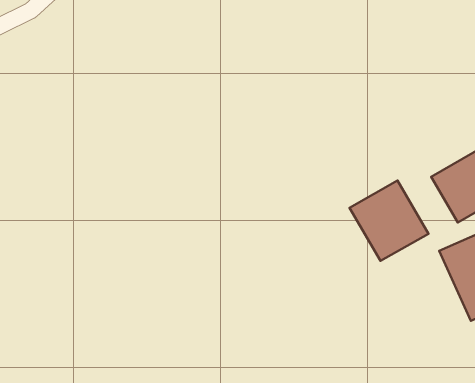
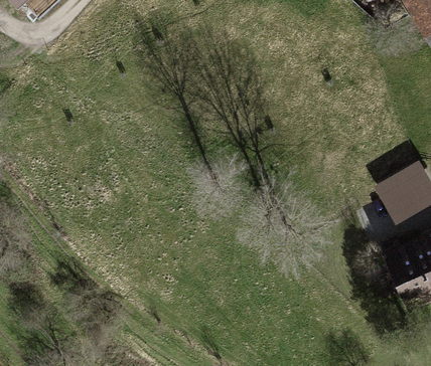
building: [350,180,428,261] -> none

